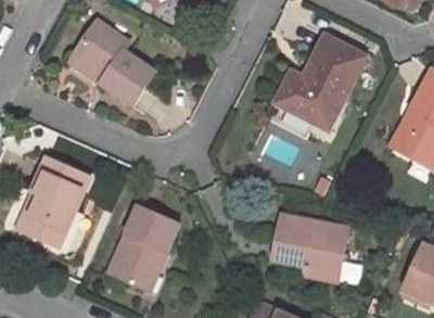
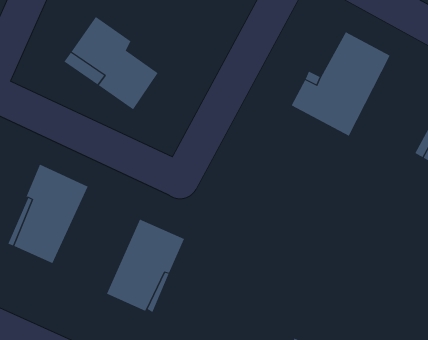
building: [272,214,349,279] -> none

